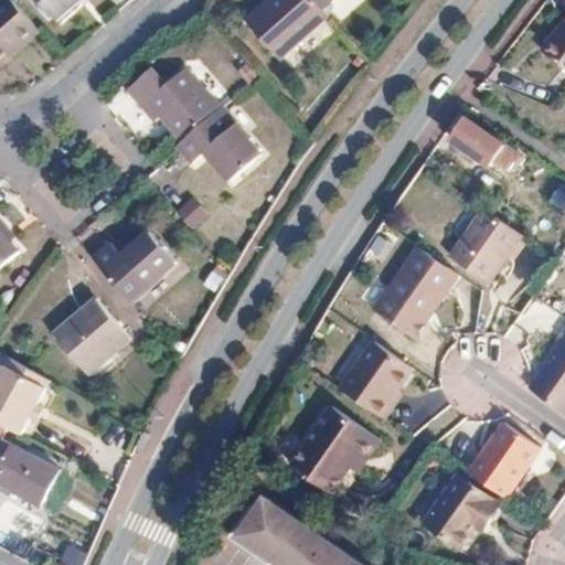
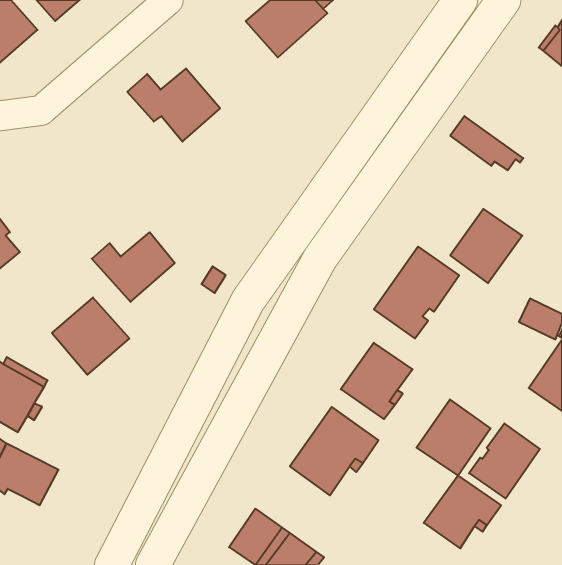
building: [177,108,260,182] -> none
building: none -> [416,399,491,475]

